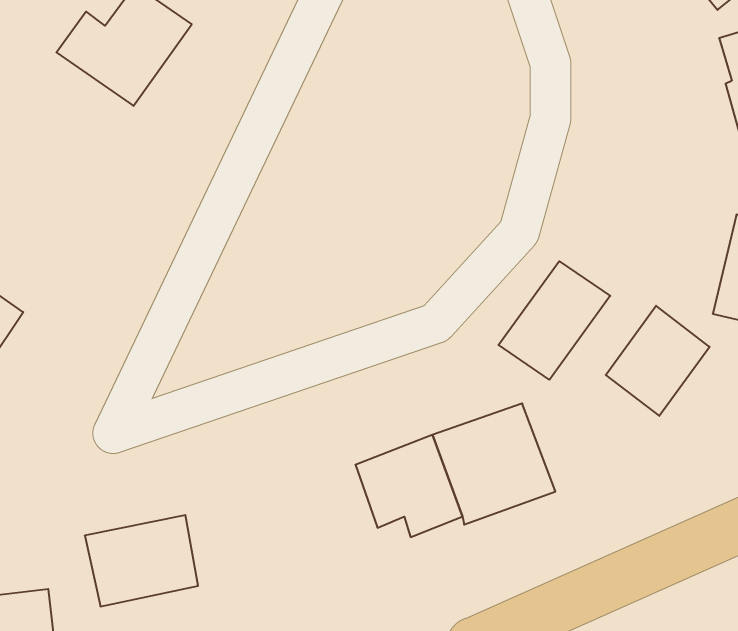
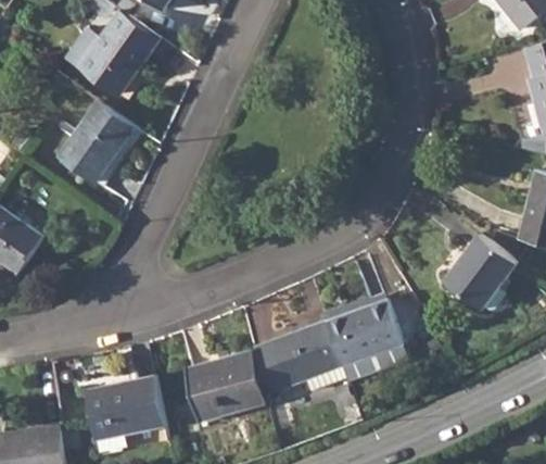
building: none -> [58,99,134,181]
building: [498,261,610,380] -> none
building: none -> [185,350,266,421]

